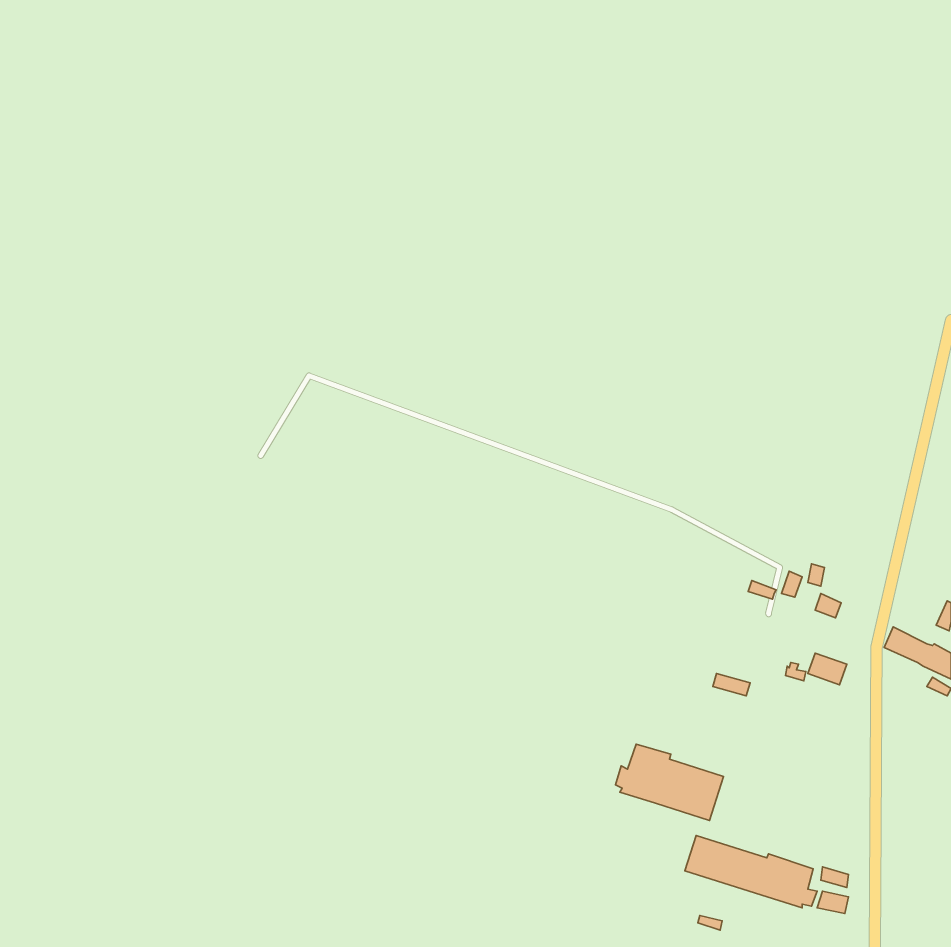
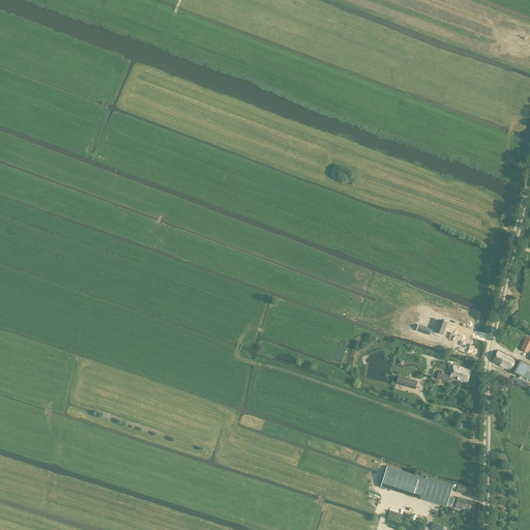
building: [616,744,724,821] -> none

